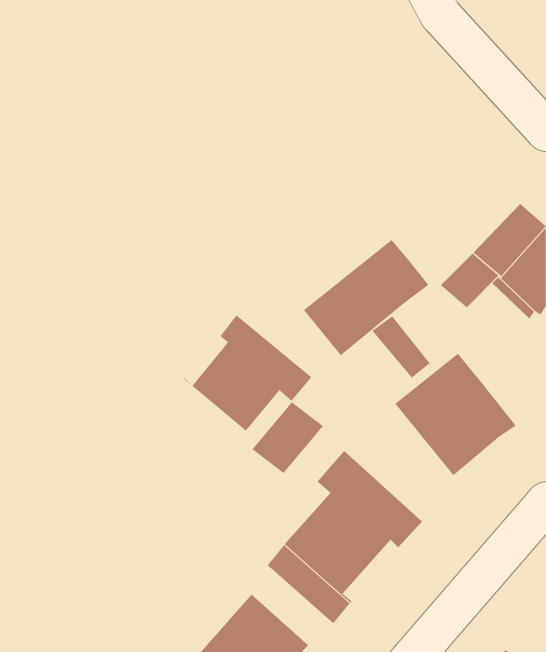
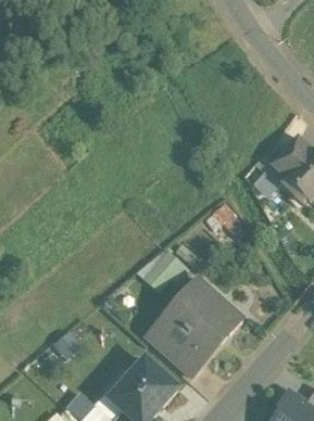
building: [303,239,429,356] -> none
building: [183,315,312,431] -> none
building: [395,353,517,476] -> none

